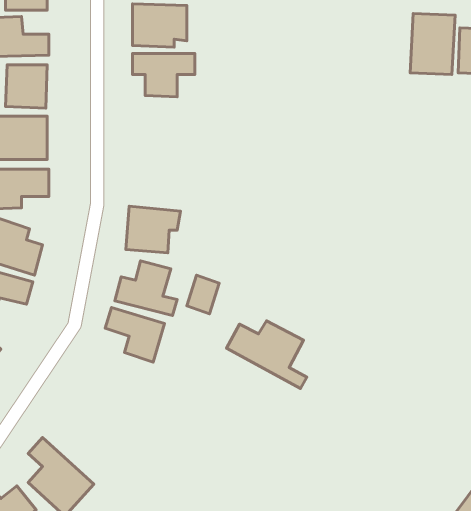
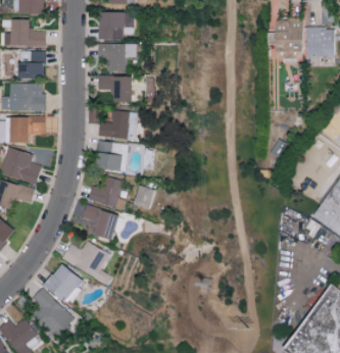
building: none -> [98,74,132,101]
building: none -> [98,109,140,142]
building: [227,321,307,388] -> [61,242,112,285]
building: none -> [43,263,85,304]

